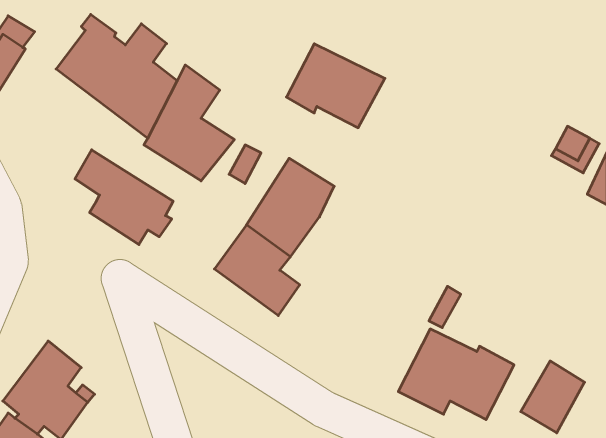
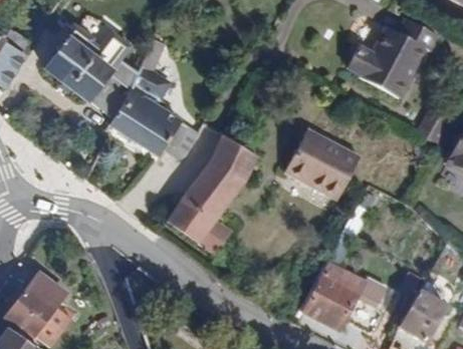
building: none -> [346,24,436,98]
building: [286,44,385,128] -> [285,130,360,194]
building: [75,150,173,245] -> none

